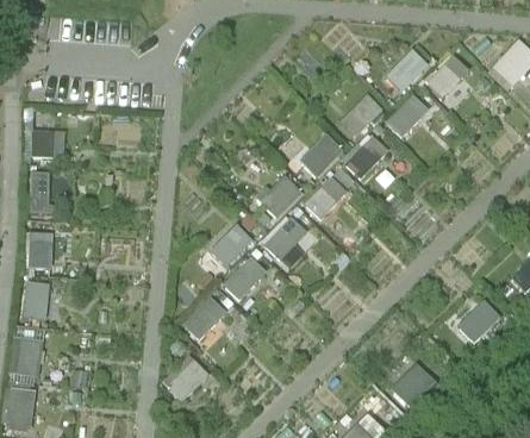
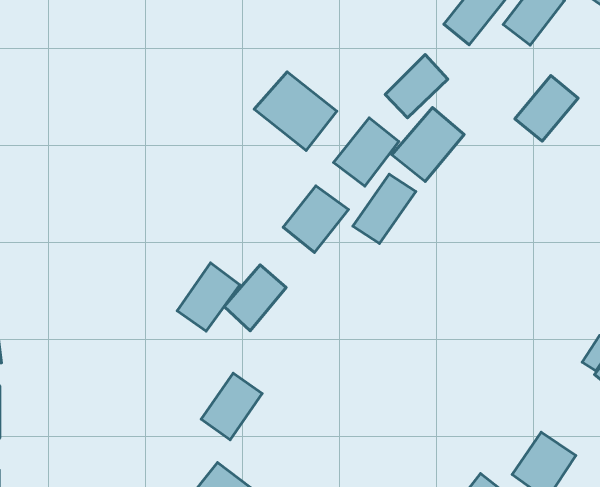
building: none -> [254,72,337,150]
building: [385,94,430,138] -> [515,76,578,141]
building: [260,212,307,259] -> none
building: [224,254,269,300] -> [177,263,240,331]

